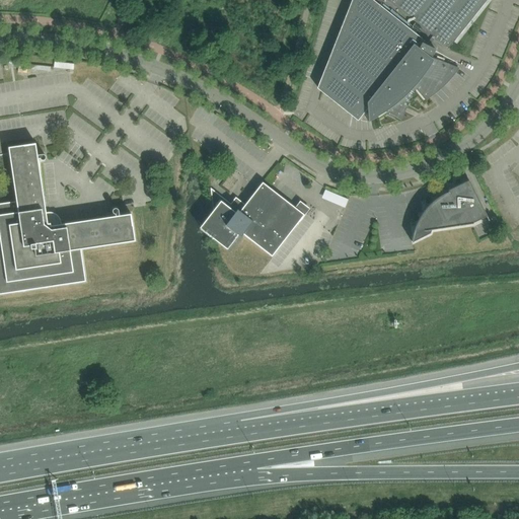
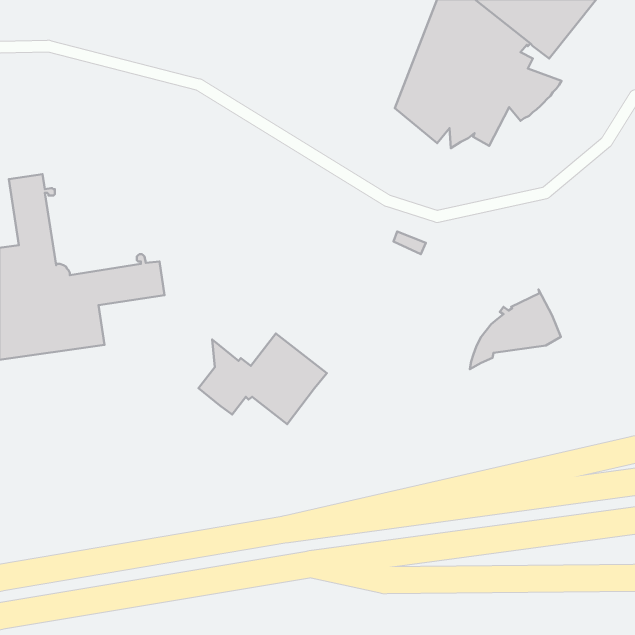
building: [411,176,485,241] -> [470,289,561,369]
building: [199,181,303,255] -> [199,333,327,424]

